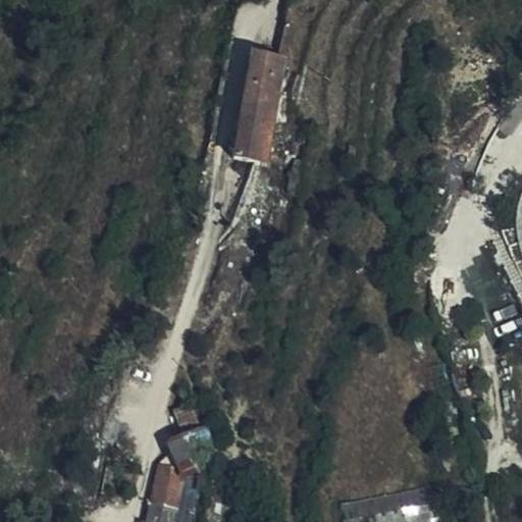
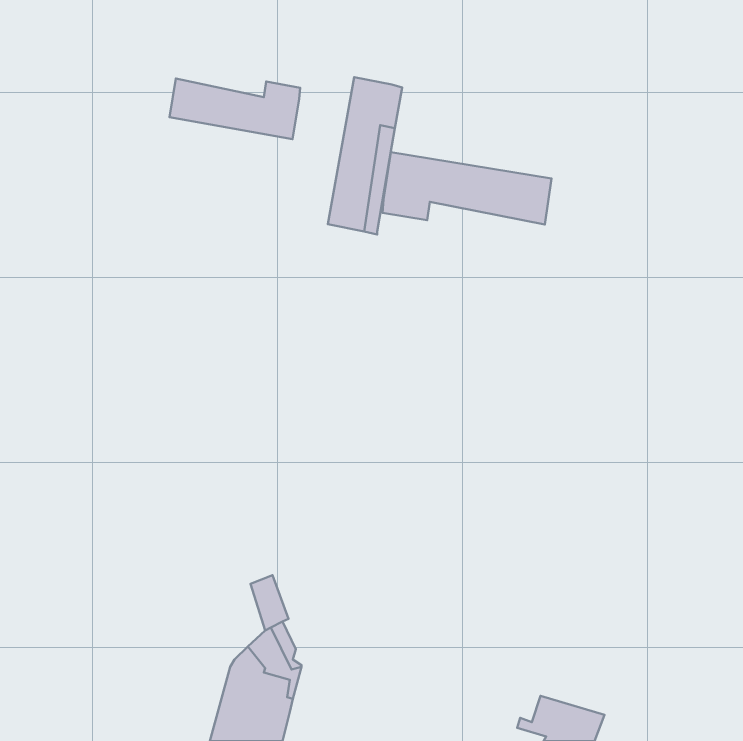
building: none -> [170,78,300,139]
building: none -> [383,152,552,224]

